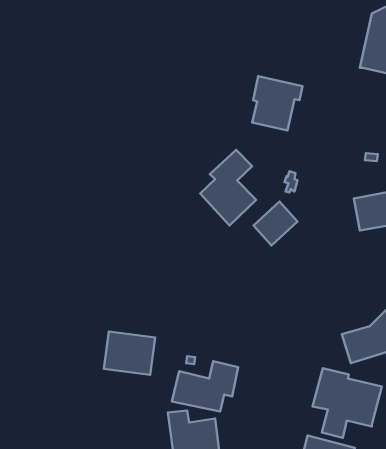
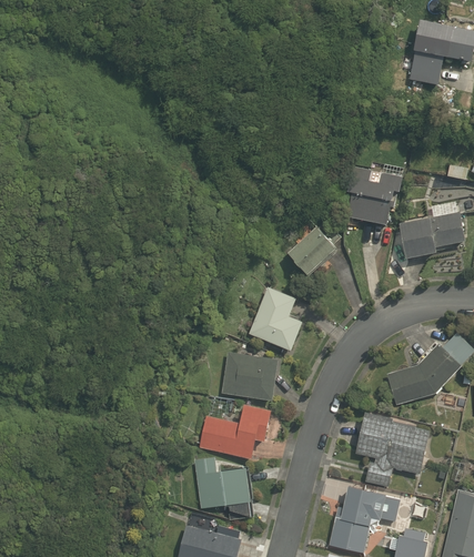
building: [252,76,303,130] -> [346,165,402,225]
building: [200,150,256,226] -> none
building: none -> [249,286,303,351]
building: [104,332,155,375] -> [222,352,279,399]

